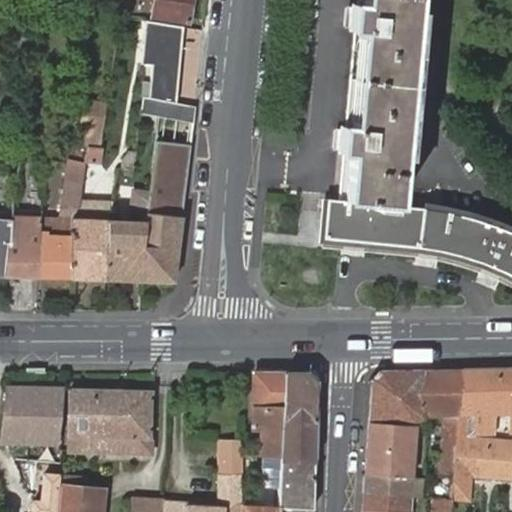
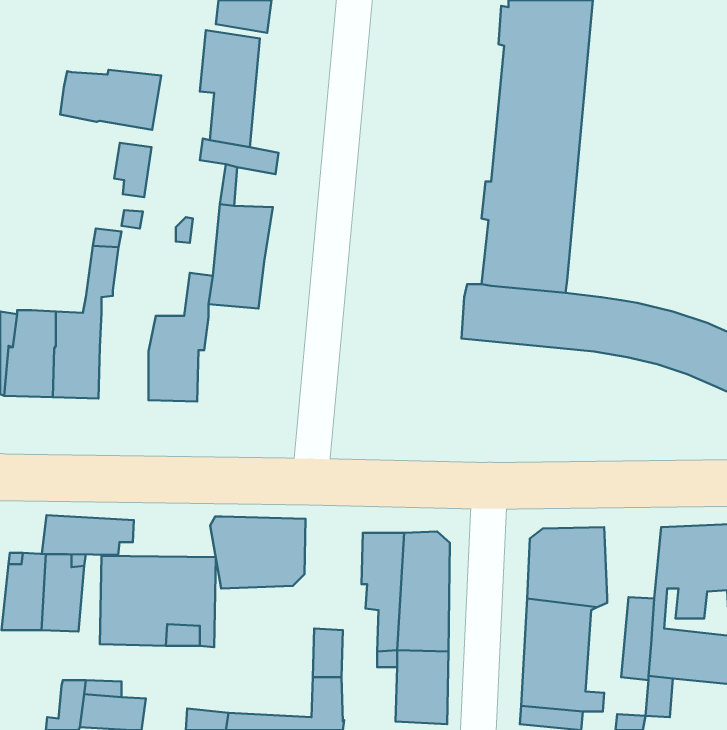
building: none -> [60,70,161,130]
building: [71,203,114,280] -> none
building: [140,213,183,281] -> none
building: none -> [42,515,134,555]
building: none -> [210,516,305,588]
building: [425,369,465,419] -> none

